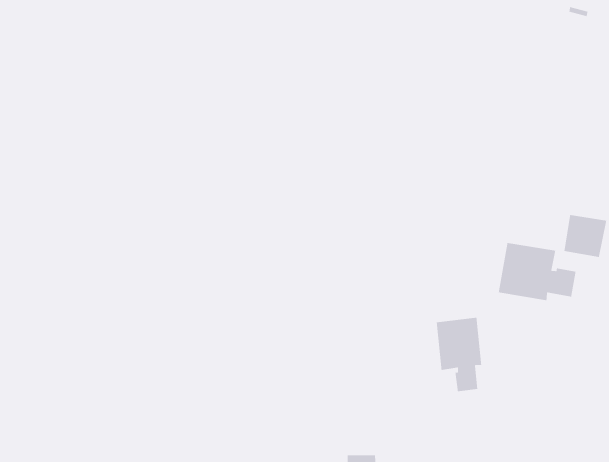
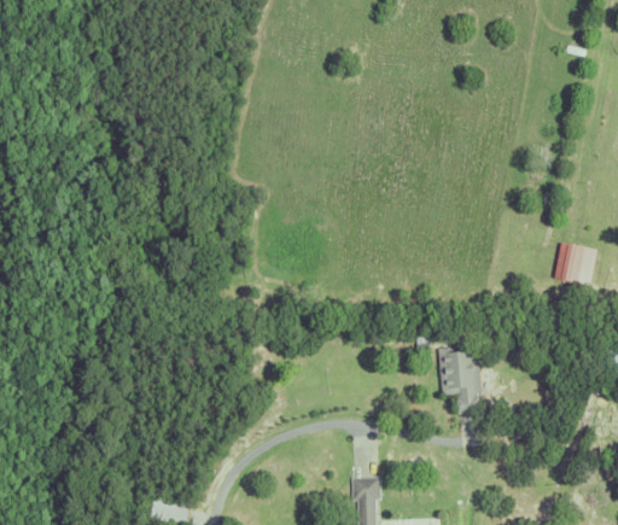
building: [498,242,576,301] -> none

